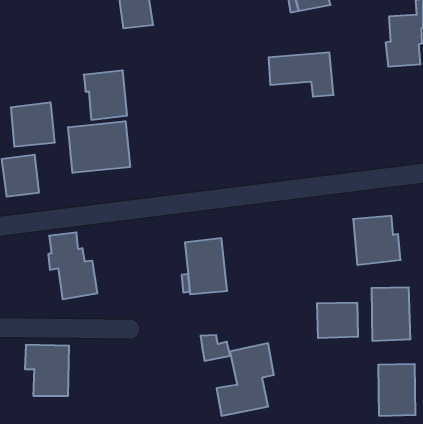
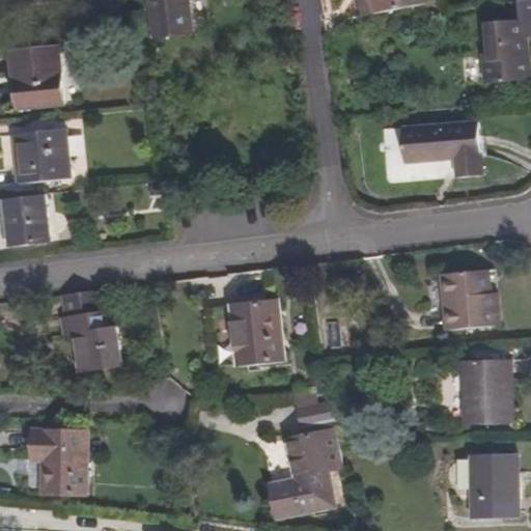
building: [269,52,334,97] -> [401,121,482,176]
building: [84,71,127,120] -> [8,47,62,108]
building: [68,121,130,173] -> none
building: [317,303,358,338] -> none
building: [200,335,230,361] -> [295,392,332,424]

